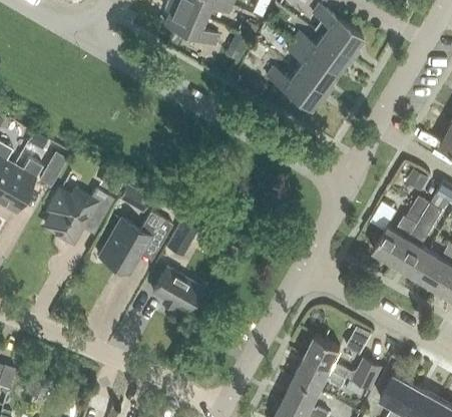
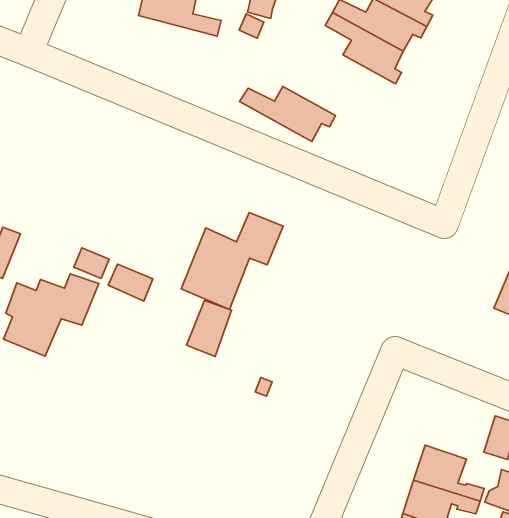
building: [266,68,328,109] -> [240,86,336,141]
building: [98,213,171,275] -> [181,213,283,309]
building: [152,268,200,312] -> none

